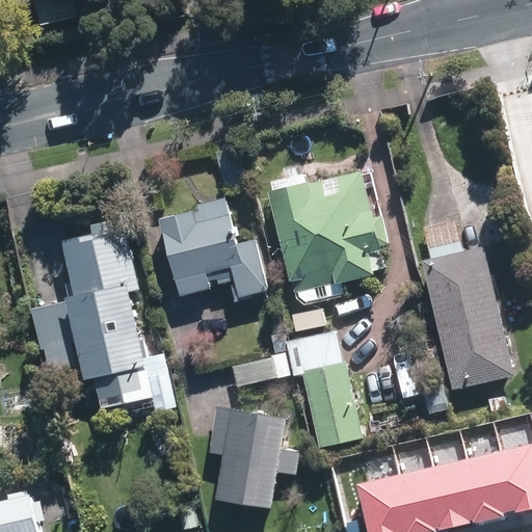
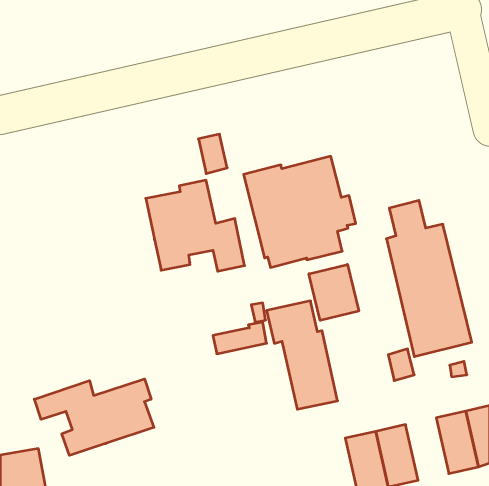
building: [30,221,176,414] -> none
building: none -> [309,264,359,320]
building: [214,407,302,507] -> none
building: none -> [34,379,154,455]
building: [441,457,487,525] -> none

